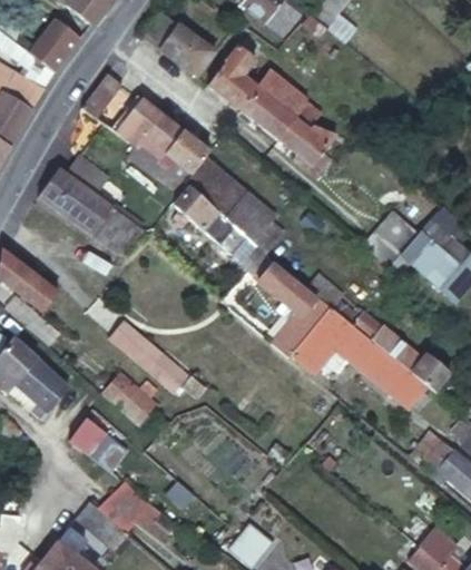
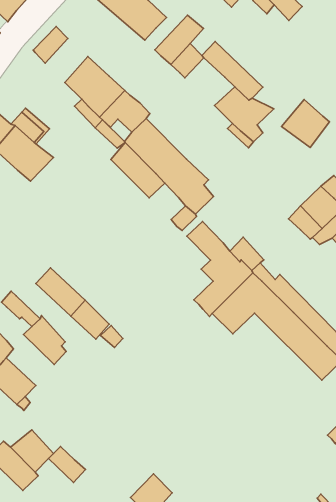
building: [242,90,294,138] -> none
building: none -> [282,100,330,148]
building: [94,207,143,254] -> none

